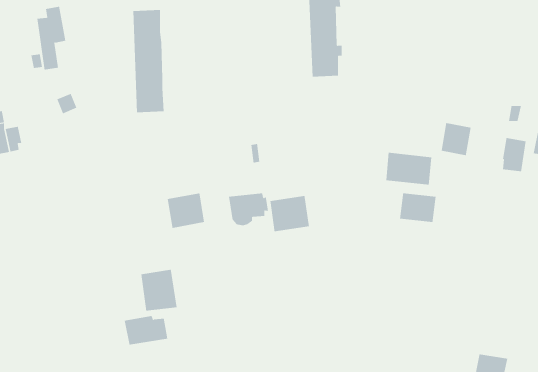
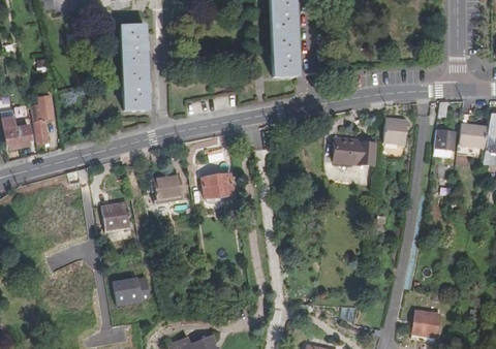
building: [37,6,66,70] -> [31,90,56,144]
building: [400,192,436,223] -> none
building: [270,195,309,232] -> none
building: [141,269,177,311] -> [103,202,134,237]

